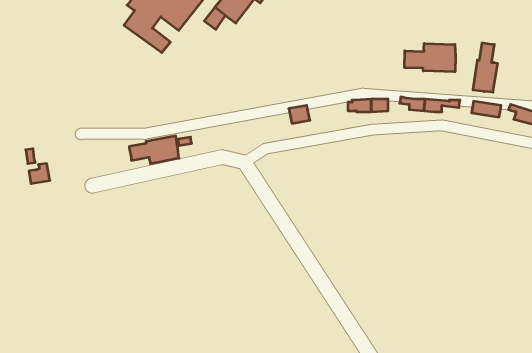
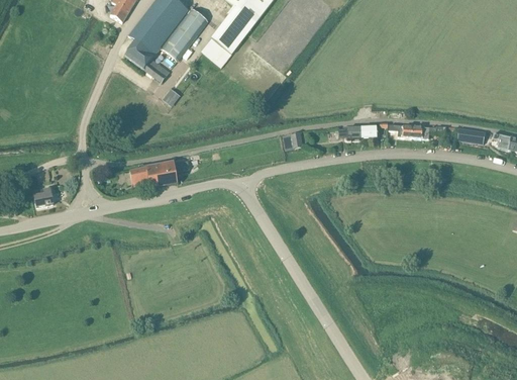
building: [473,43,497,92] -> none
building: [404,43,455,72] -> none

